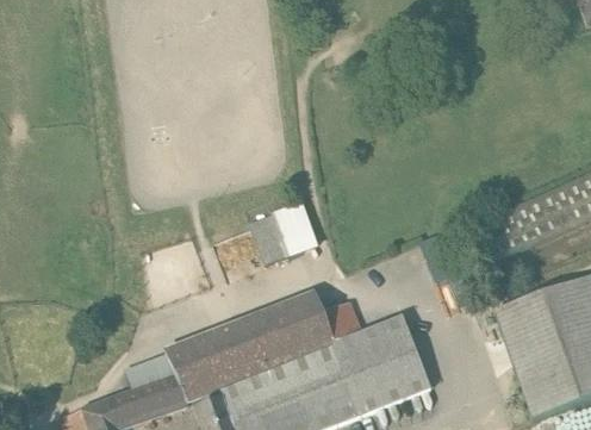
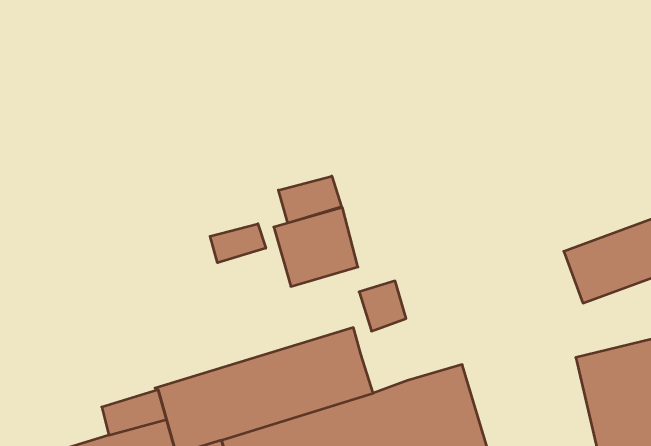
building: none -> [278,176,341,223]
building: none -> [210,224,266,263]
building: [325,303,363,343] -> [359,281,406,331]

